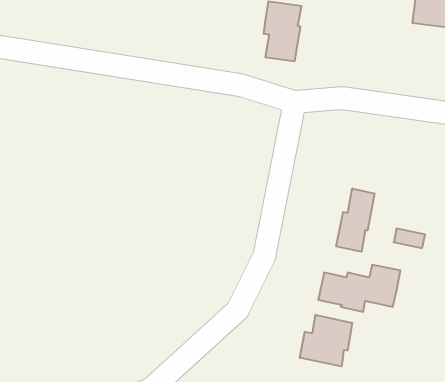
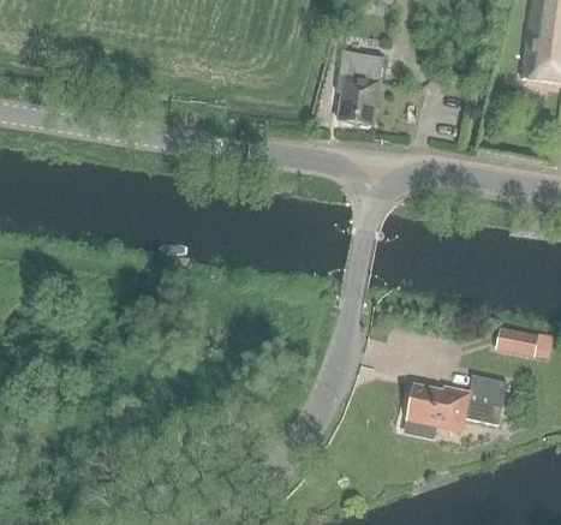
building: [336,188,374,252] -> none
building: [300,315,352,366] -> none

